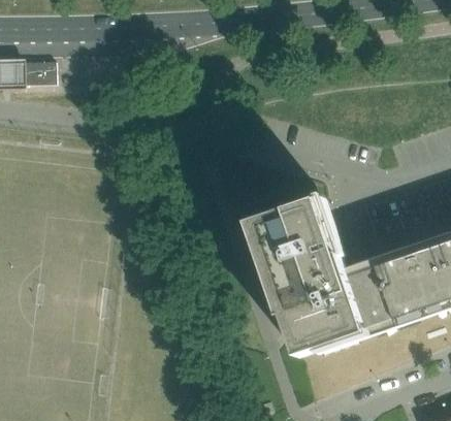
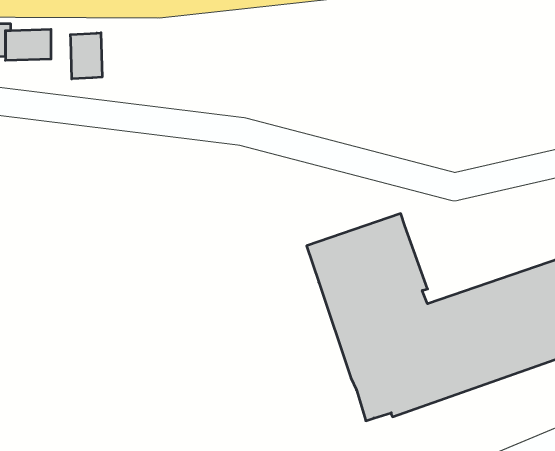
building: none -> [70,33,102,79]

